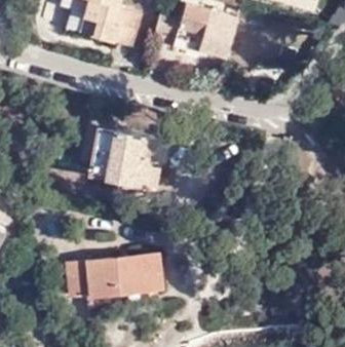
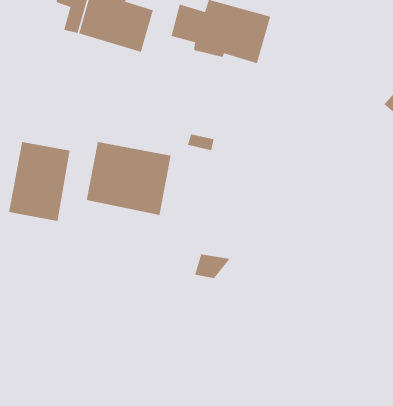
building: none -> [8,141,71,222]
building: [70,255,164,298] -> none

